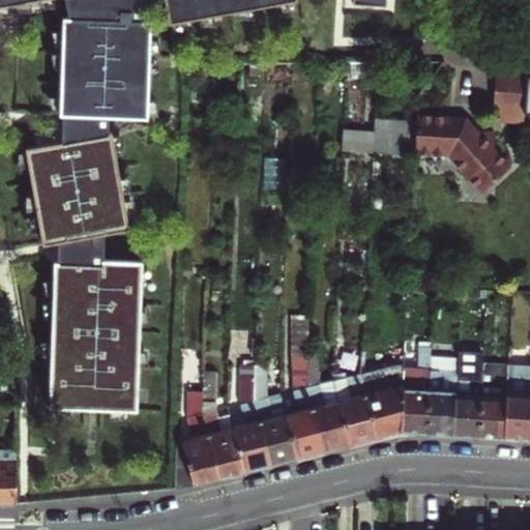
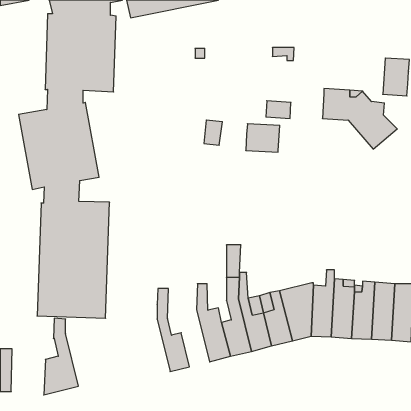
building: [374,119,417,155] -> [246,124,280,152]
building: [234,365,270,472] -> none
building: [175,391,219,490] -> [44,318,78,395]

